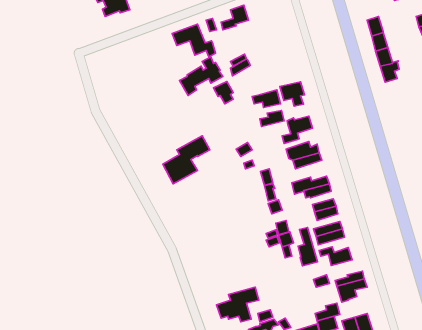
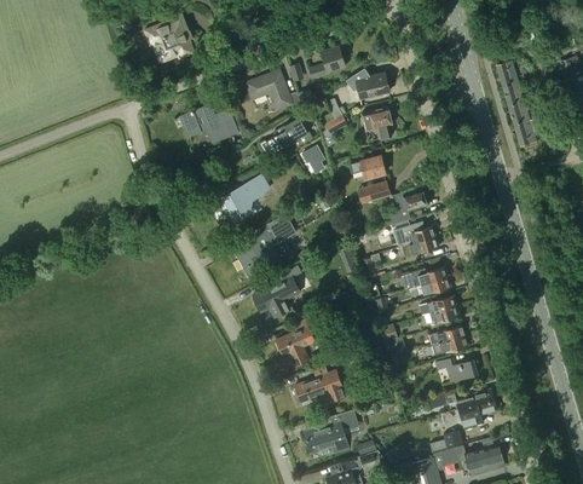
building: none -> [345,69,389,99]
building: none -> [181,106,237,143]
building: [280,82,304,106] -> [362,108,393,139]
building: none -> [213,174,270,221]
building: none -> [253,266,301,318]
building: none -> [276,319,314,365]
building: [298,228,318,266] -> none
building: none -> [294,368,346,402]

